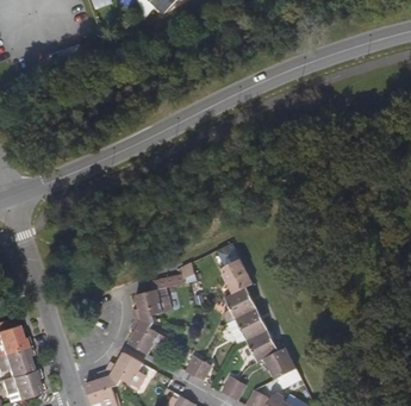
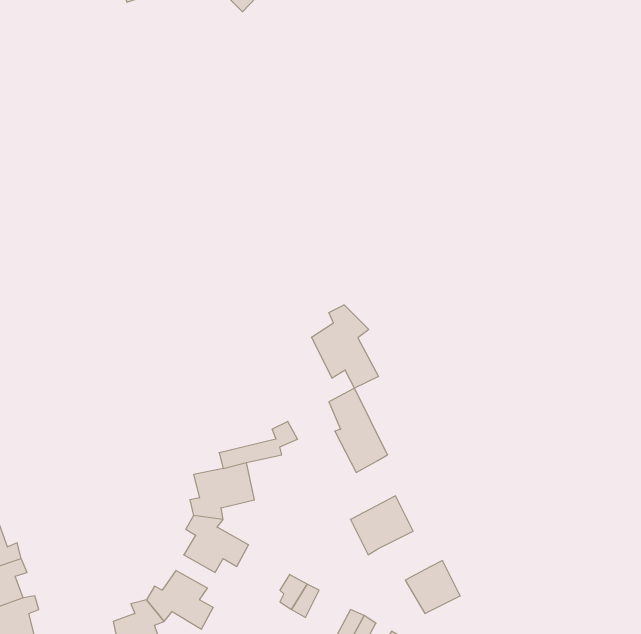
building: none -> [312,305,378,388]
building: [224,285,257,320] -> none
building: [247,327,279,360] -> none

